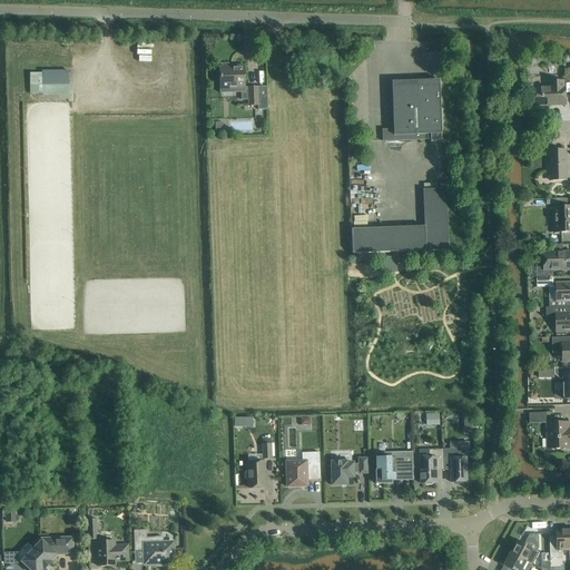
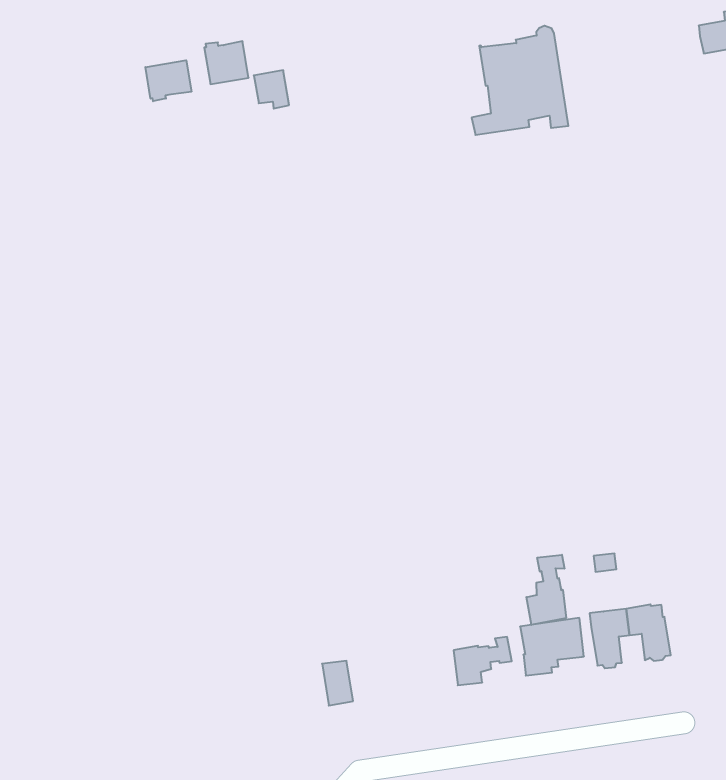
building: none -> [145,60,191,101]
building: [352,187,449,252] -> none
building: none -> [526,555,566,625]
building: [286,451,321,485] -> none

